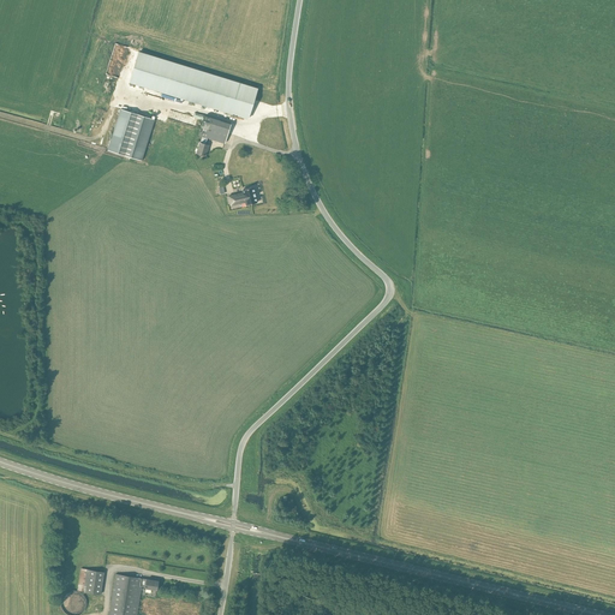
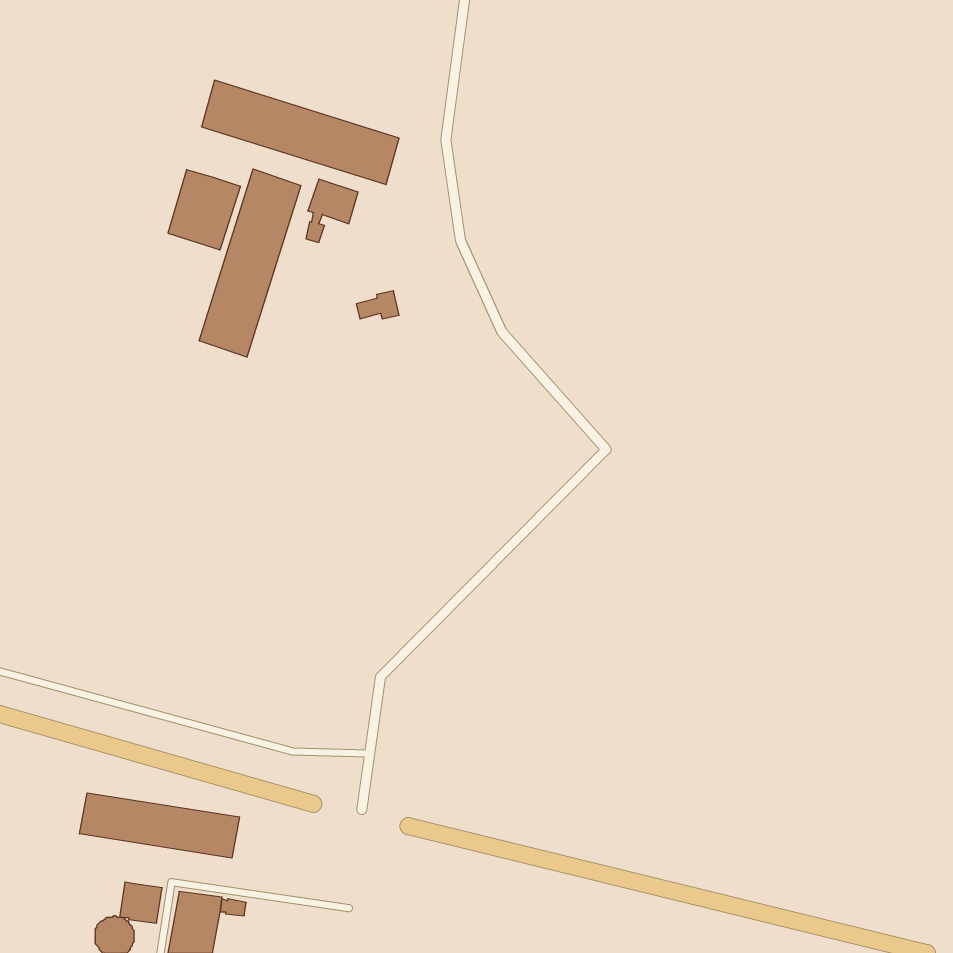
building: none -> [199,169,301,357]
building: none -> [80,793,240,858]

